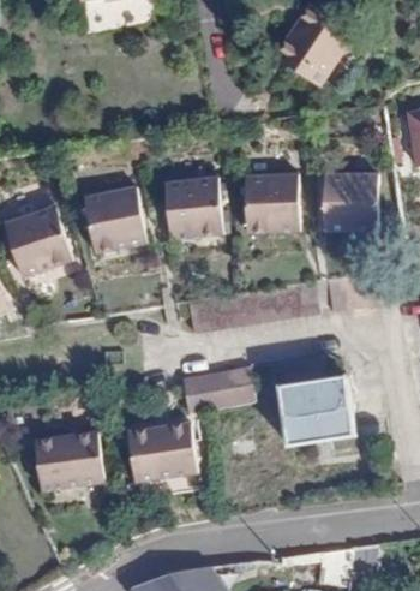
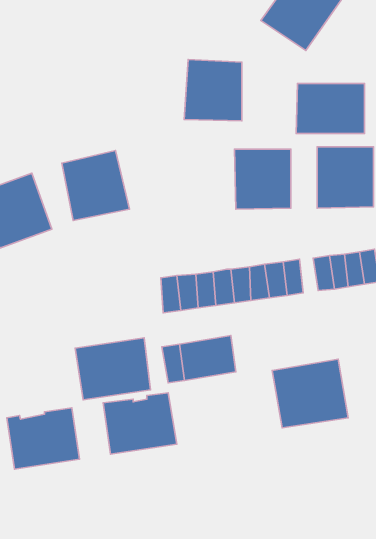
building: none -> [296,83,364,134]
building: [166,177,221,235] -> [184,60,242,121]
building: none -> [75,338,150,400]

